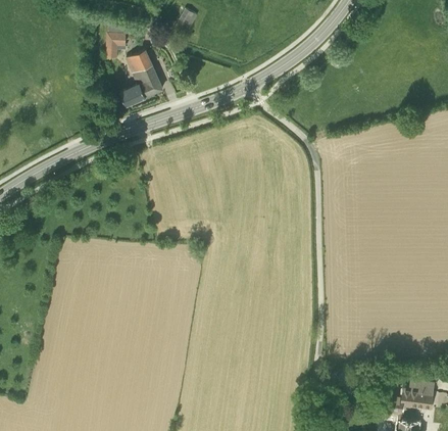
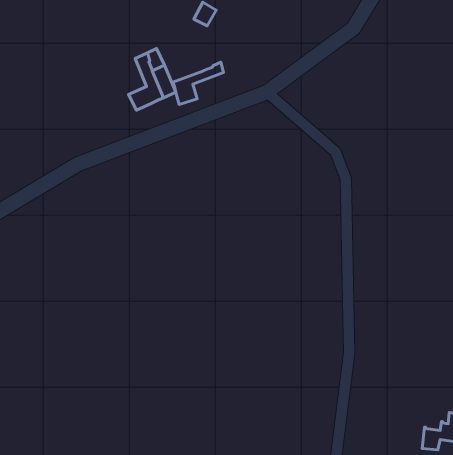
building: [106,32,126,57] -> none
building: none -> [173,62,224,105]

